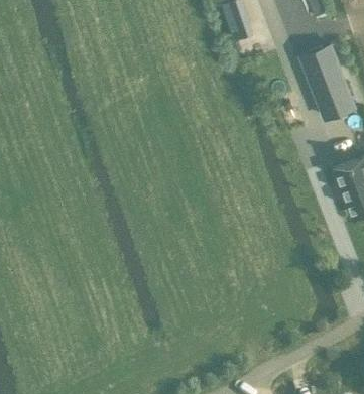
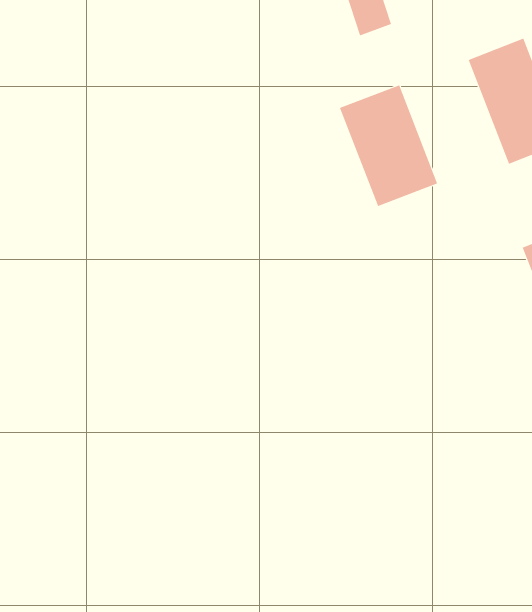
building: none -> [339,85,438,207]

